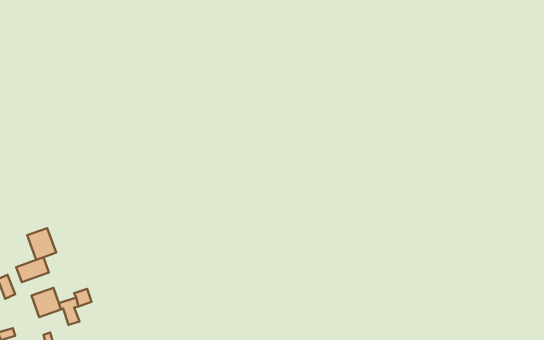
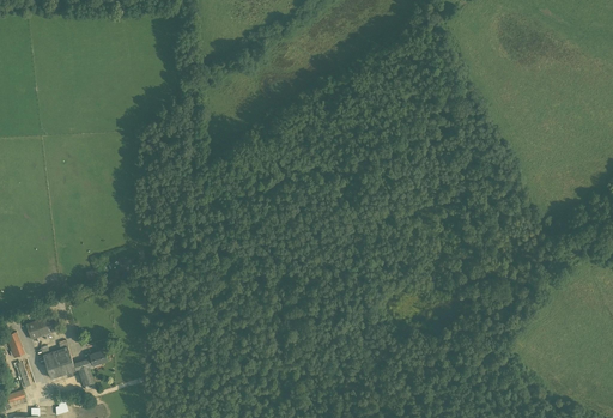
building: [27,228,56,260] -> none

